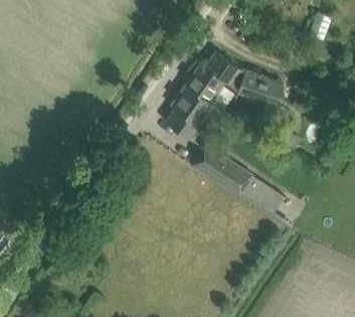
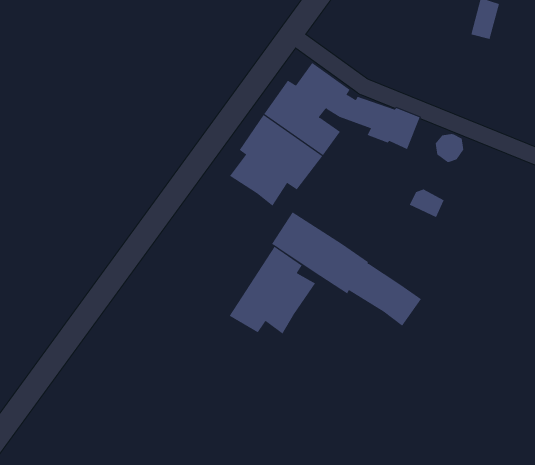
building: none -> [229,246,316,335]

